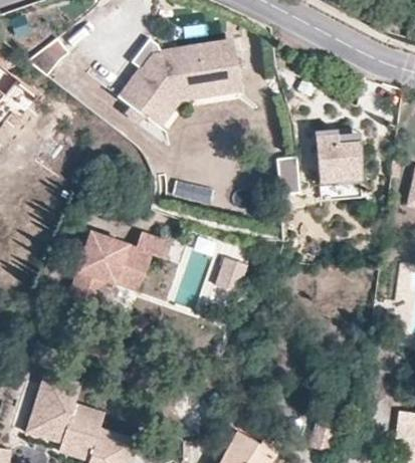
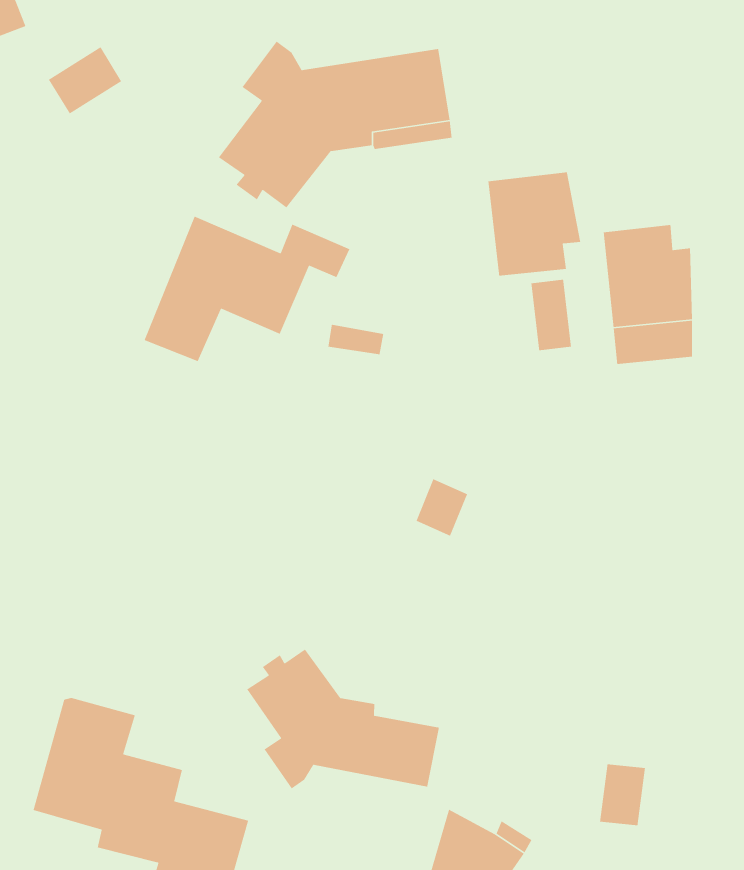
building: none -> [488,171,581,276]
building: [66,230,173,305] -> [143,216,351,362]
building: none -> [246,648,440,790]

